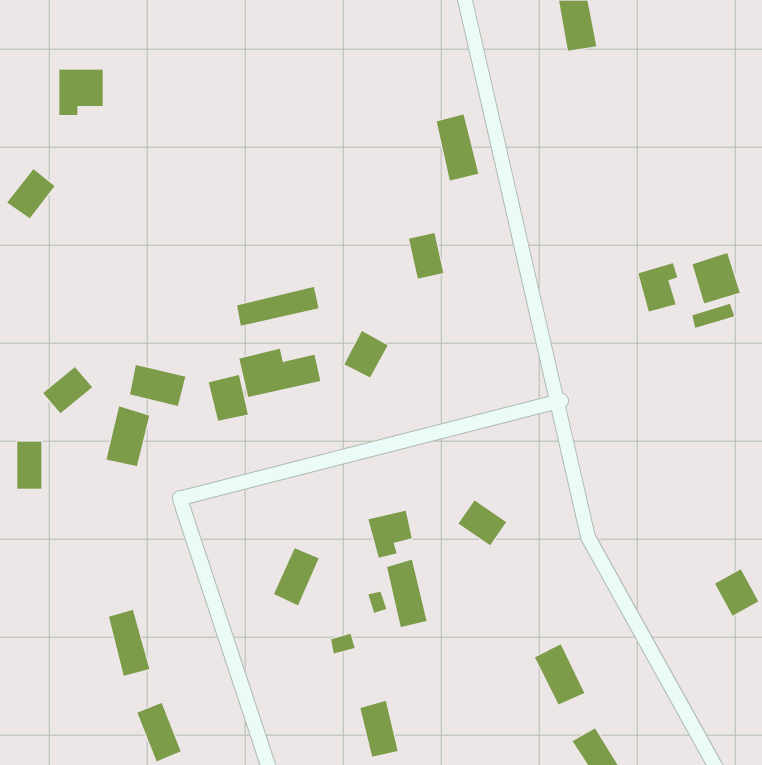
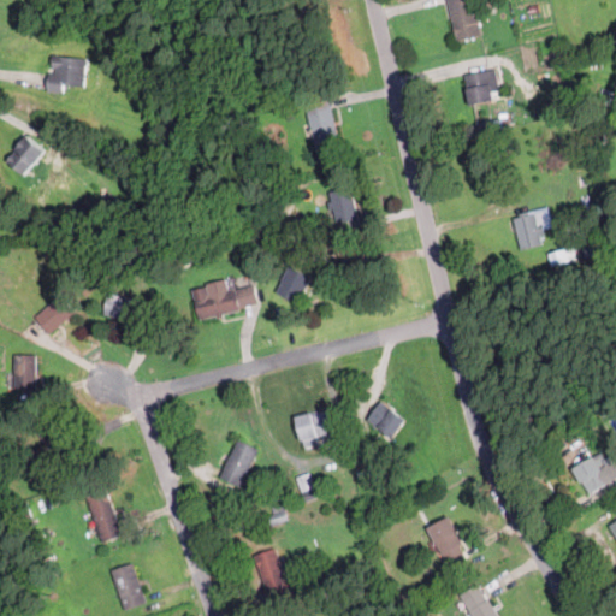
building: none -> [467,73,496,103]
building: [436,114,479,181] -> [304,99,339,153]
building: [692,252,741,304] -> none
building: [236,286,319,326] -> none
building: [208,374,248,422] -> none
building: [106,405,150,467] -> none
building: [386,559,427,628] -> none
building: [359,700,398,757] -> [254,550,285,596]

